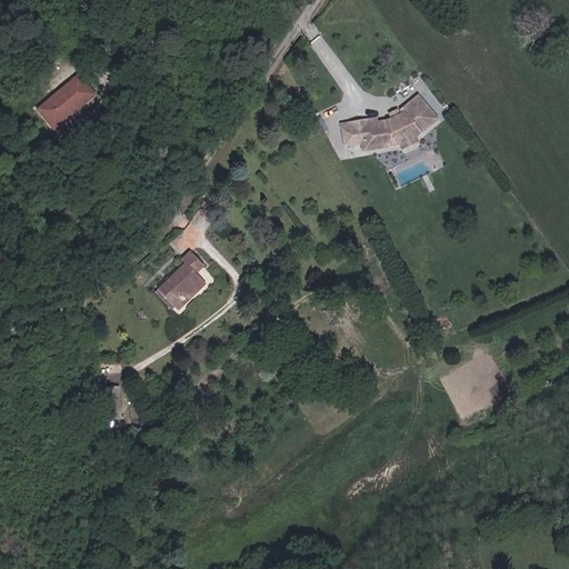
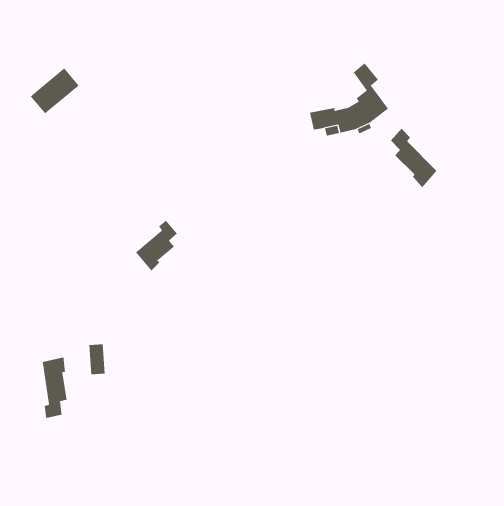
building: none -> [390,128,437,188]
building: none -> [42,356,67,419]

